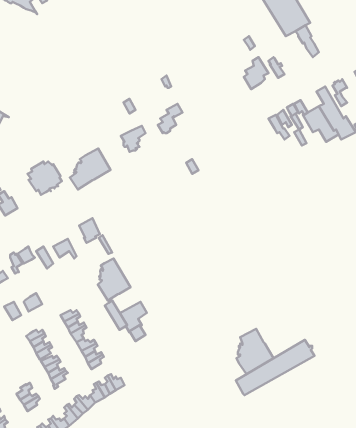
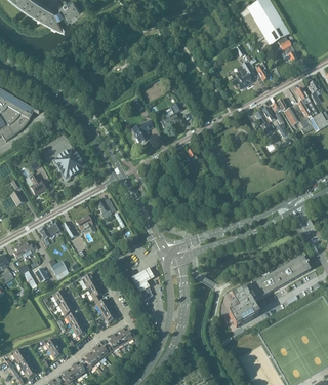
building: [70,149,111,189] -> none
building: [98,259,131,301] -> none
building: [236,340,315,395] -> [244,256,310,302]

